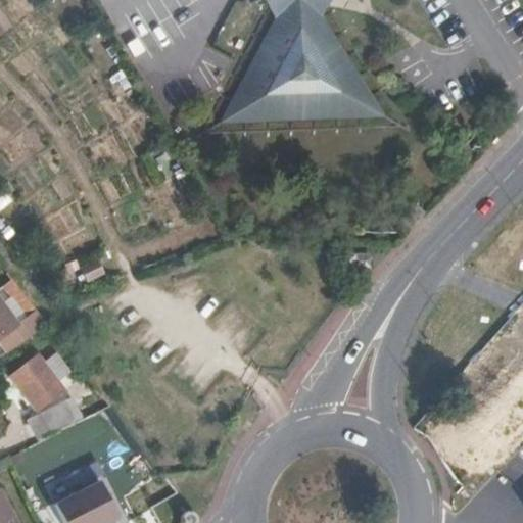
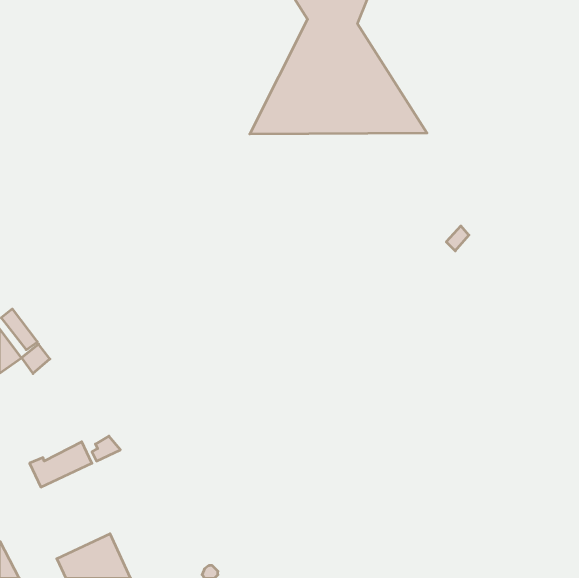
building: [10,350,68,409] -> none

